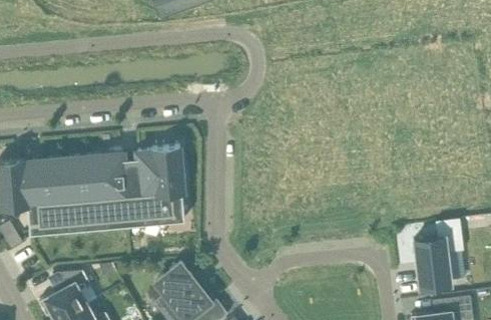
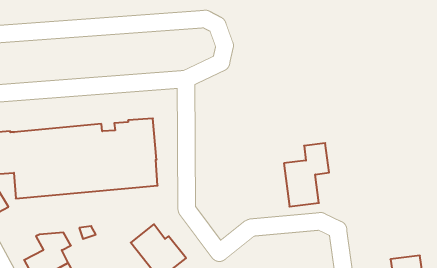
building: [414,218,463,287] -> [284,143,329,207]

